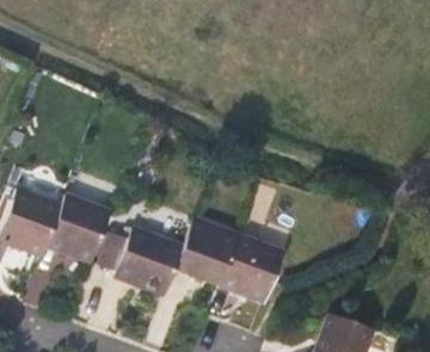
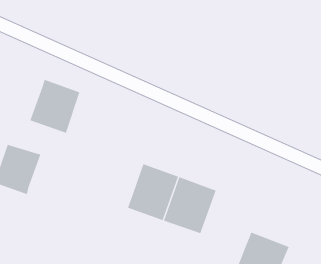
building: [41,190,106,260] -> [30,79,80,134]
building: [92,235,174,303] -> none

